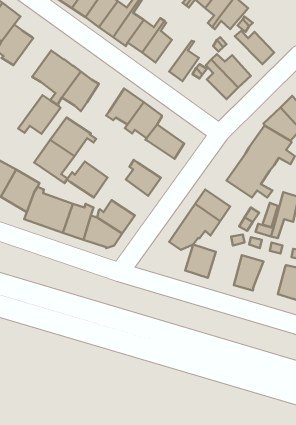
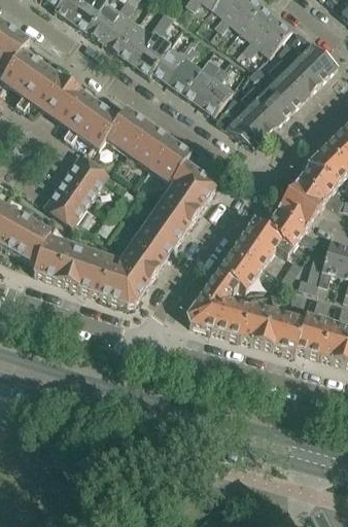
building: none -> [288,29,338,80]
building: none -> [268,62,306,107]
building: none -> [183,63,224,102]
building: none -> [105,107,147,148]
building: none -> [215,109,265,145]
building: [18,95,61,134] -> [15,64,64,108]
building: none -> [163,181,205,223]
building: [67,161,107,197] -> [129,225,175,267]
building: none -> [240,218,293,256]
building: none -> [185,296,227,329]
building: none -> [243,304,282,346]
building: none -> [295,314,332,356]

